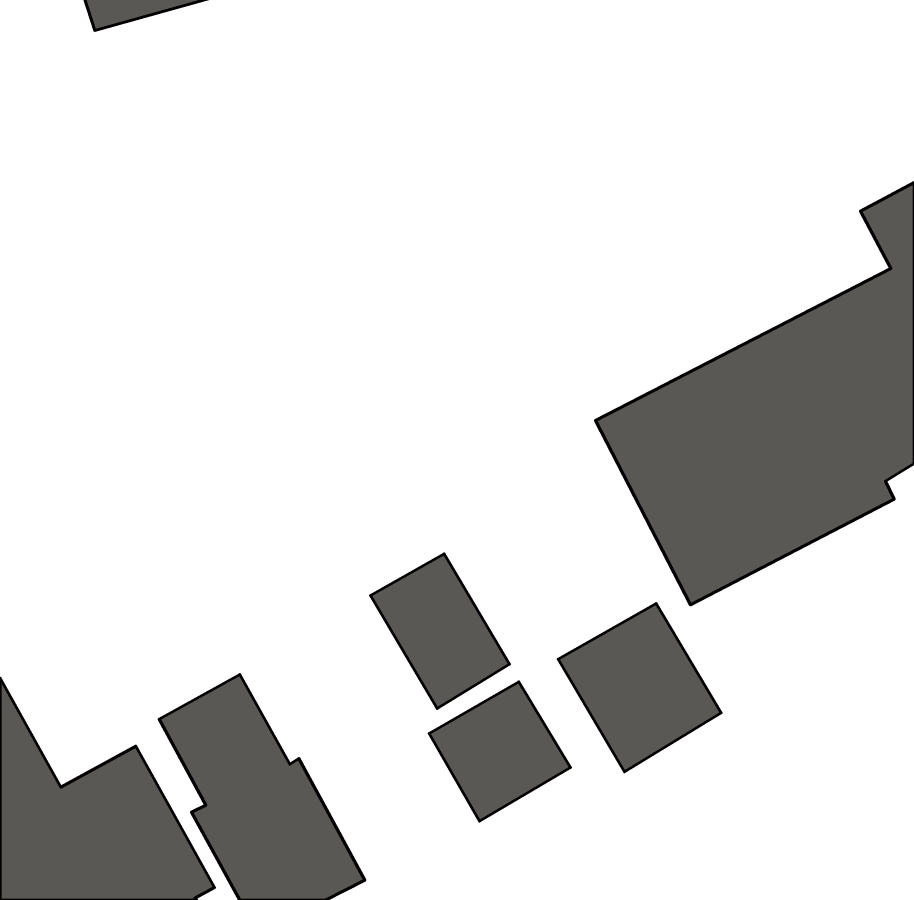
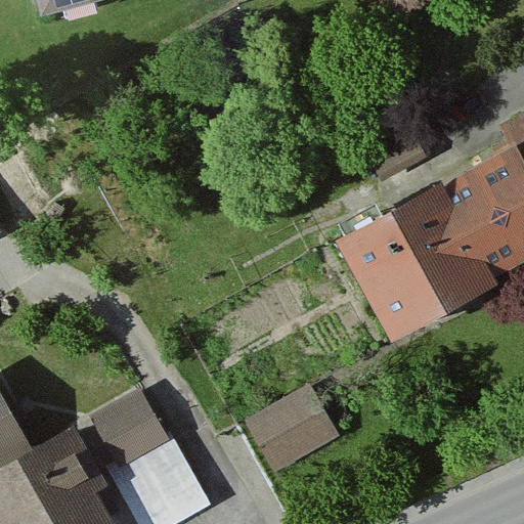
building: [371,554,510,709] -> none
building: [558,603,721,772] -> none

